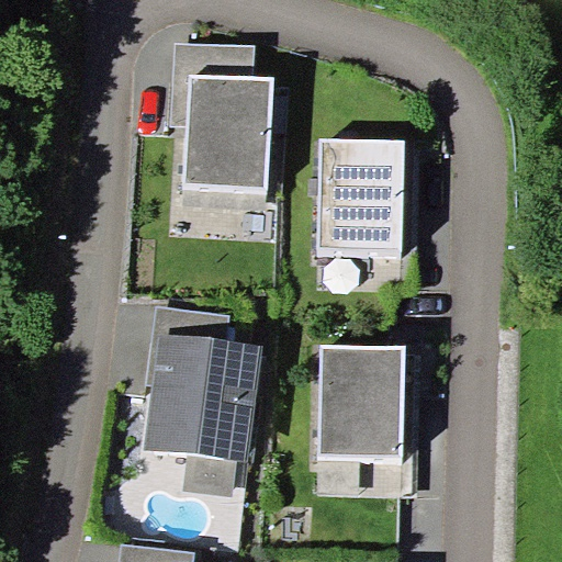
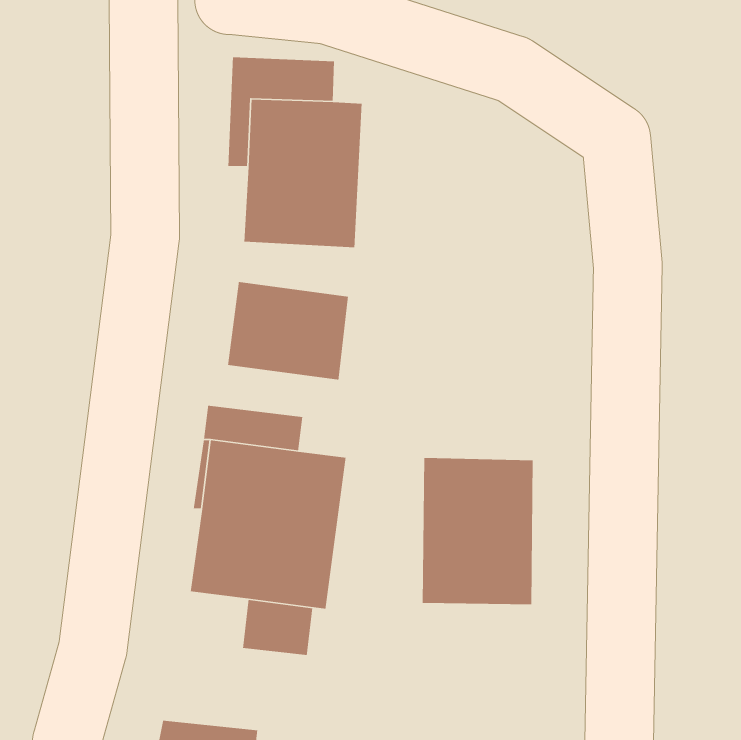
building: [319,140,404,251] -> none
building: none -> [227,281,349,380]

